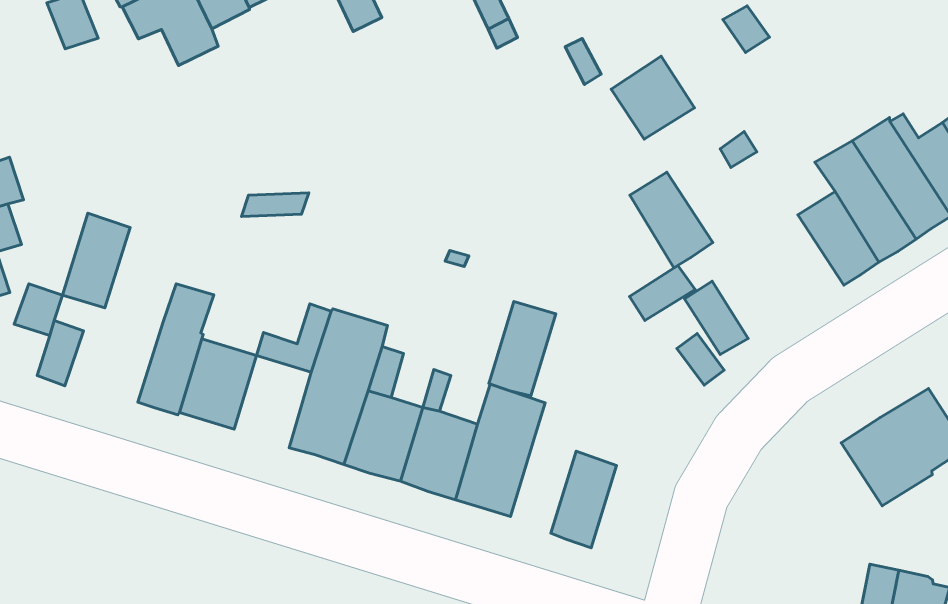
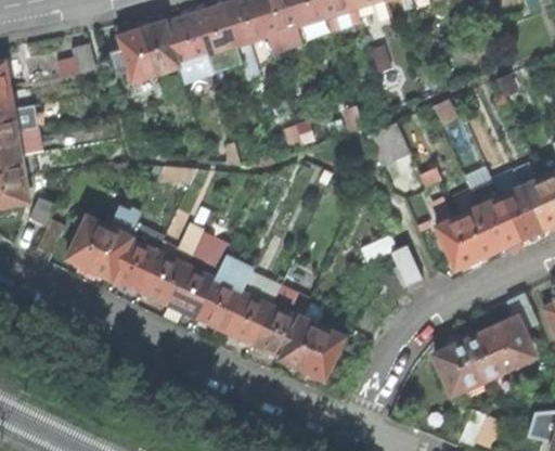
building: [630,172,713,268] -> [436,216,477,268]
building: [63,213,130,308] -> [67,216,108,268]
building: [489,301,556,396] -> [280,317,321,369]
building: none -> [139,252,184,304]
building: none -> [435,342,481,392]

